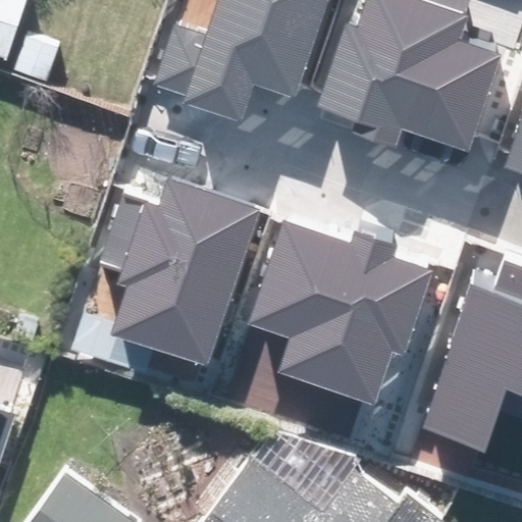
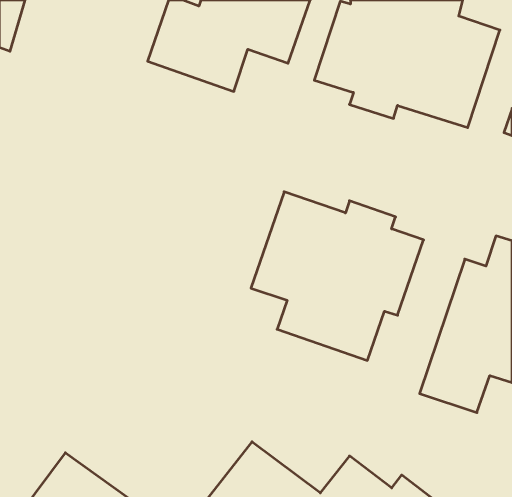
building: [105,169,260,350] -> none

